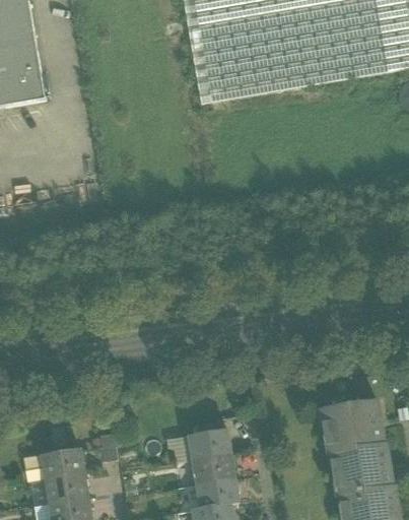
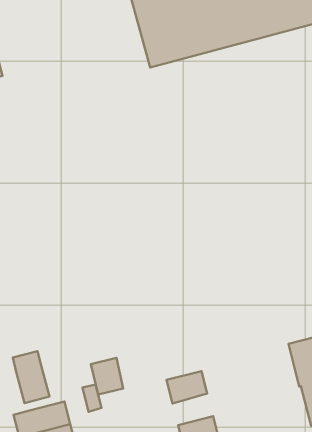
building: none -> [13,351,49,403]
building: none -> [91,358,123,394]
building: [193,453,234,483] -> none

